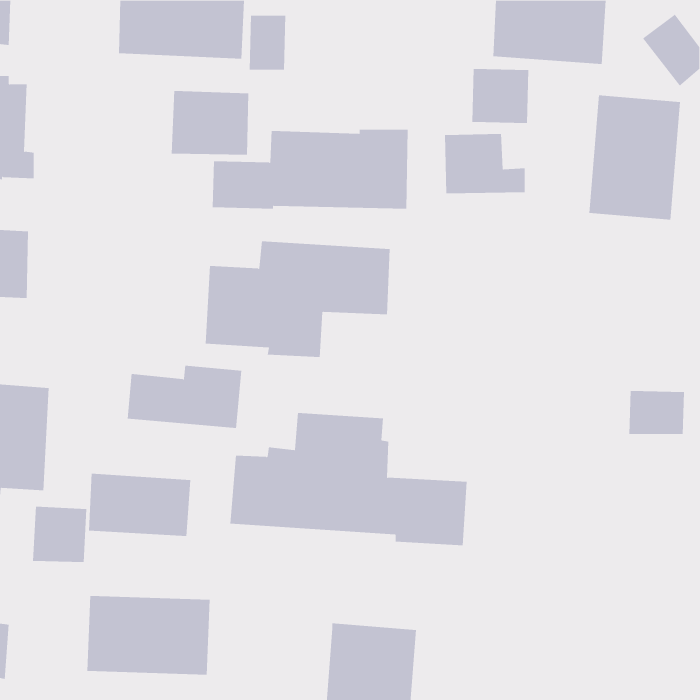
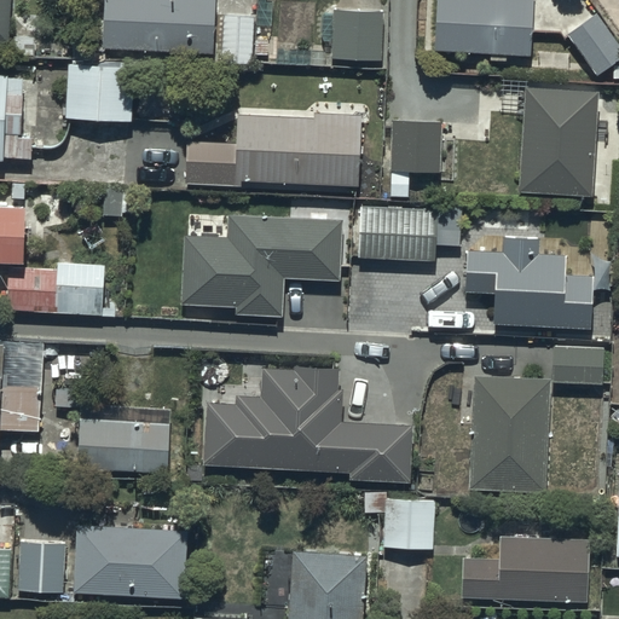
building: [472,69,529,124] -> [331,11,382,59]
building: [171,91,249,155] -> [64,63,133,120]
building: none -> [357,204,464,265]
building: none -> [465,236,596,331]
building: [127,365,242,428] -> [6,261,108,317]
building: none -> [467,376,549,491]
building: [32,506,87,562] -> [15,543,63,592]
building: none -> [381,502,433,553]
building: none -> [459,540,588,598]

